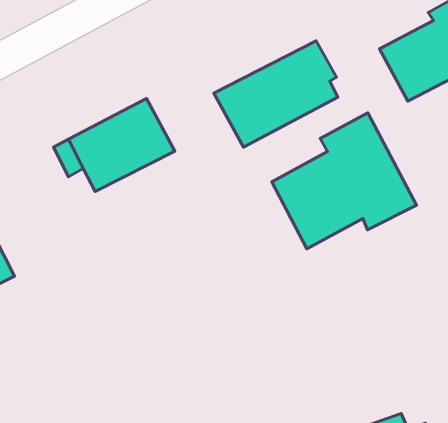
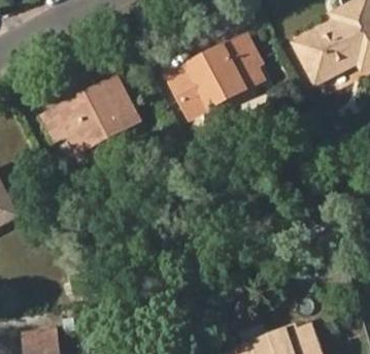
building: [272,113,417,249] -> none

